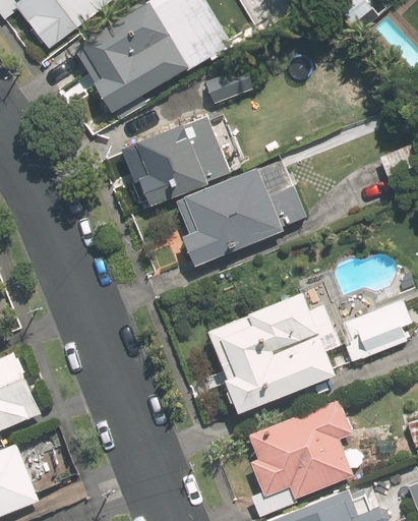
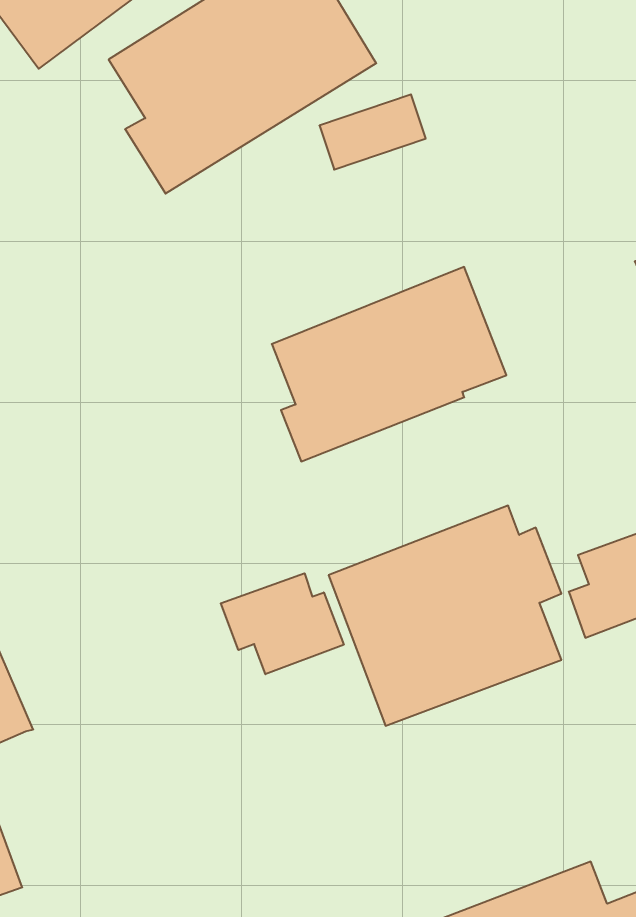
building: [115,114,233,207] -> none
building: none -> [221,573,344,674]
building: [248,400,353,511] -> none

